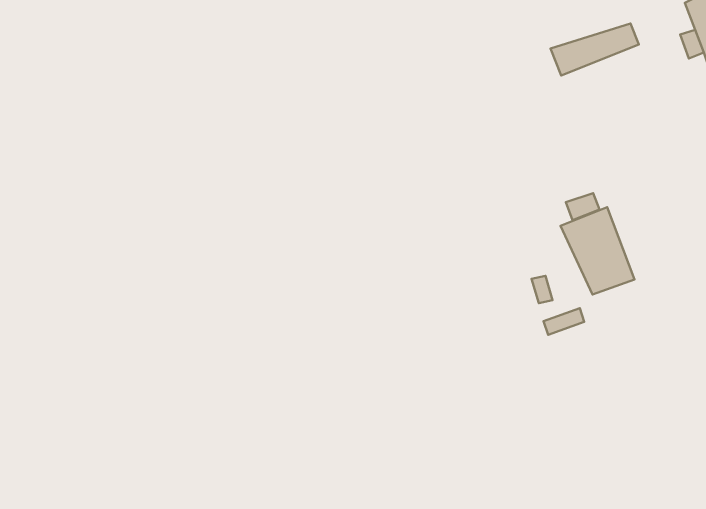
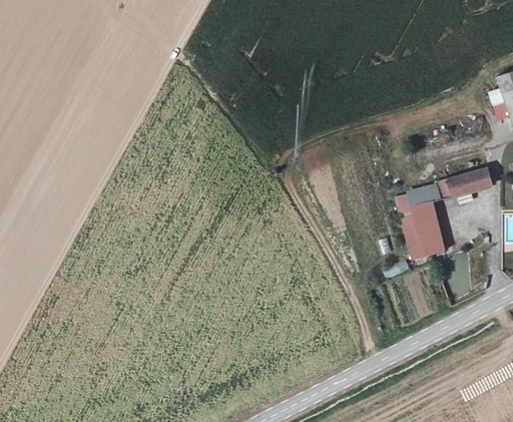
building: [551,23,639,76] -> [428,172,485,201]

